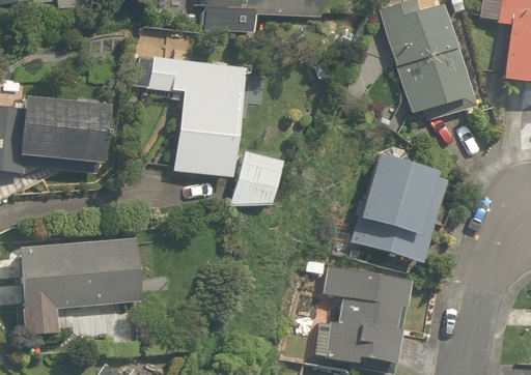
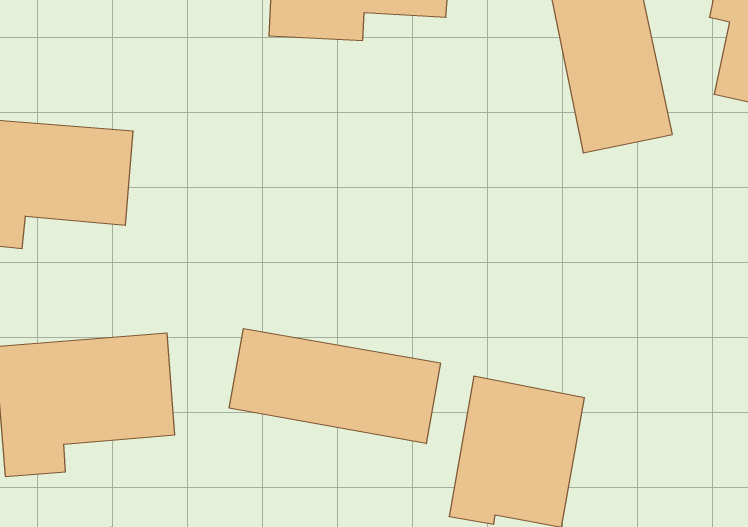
building: [141,56,288,213] -> none
building: [355,151,443,260] -> none
building: none -> [229,329,440,444]

